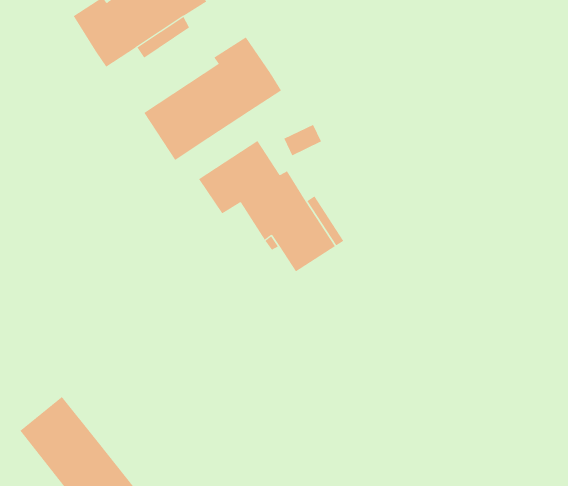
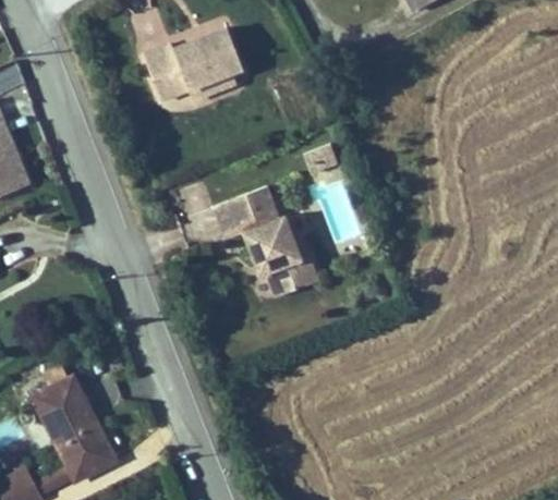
building: [143,36,282,161] -> none

